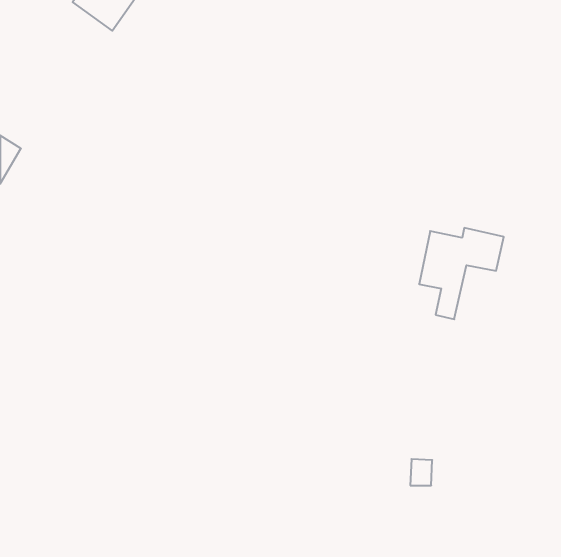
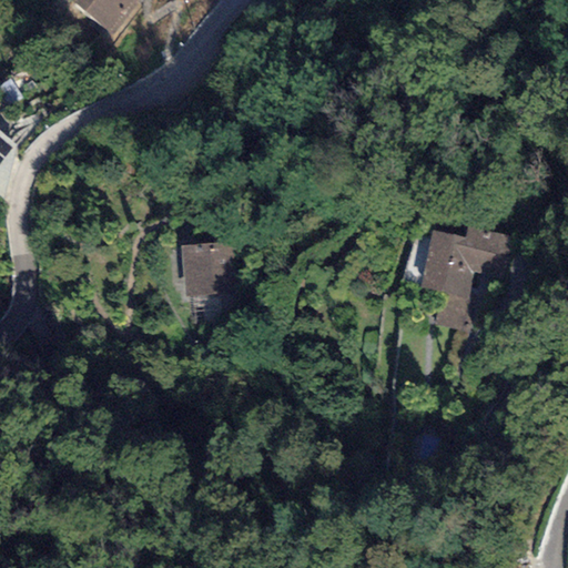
building: none -> [185,244,234,294]

